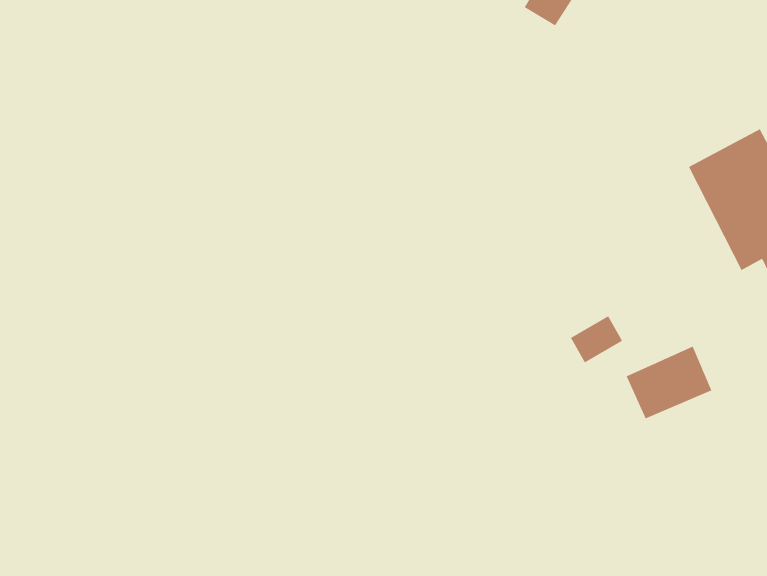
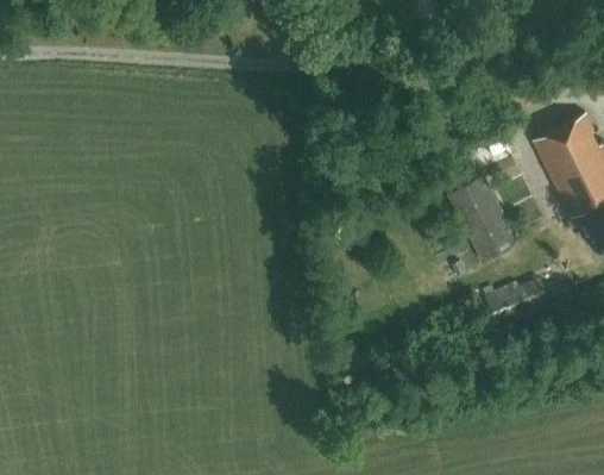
building: none -> [447,175,518,262]

